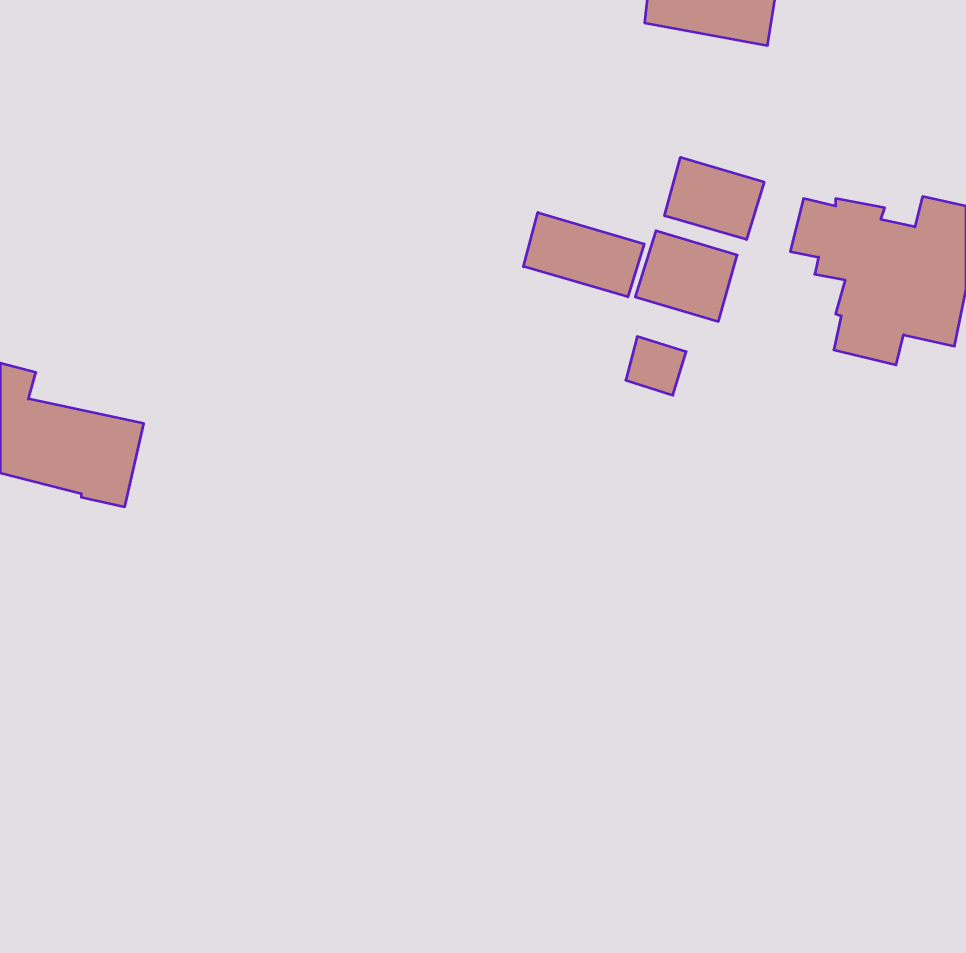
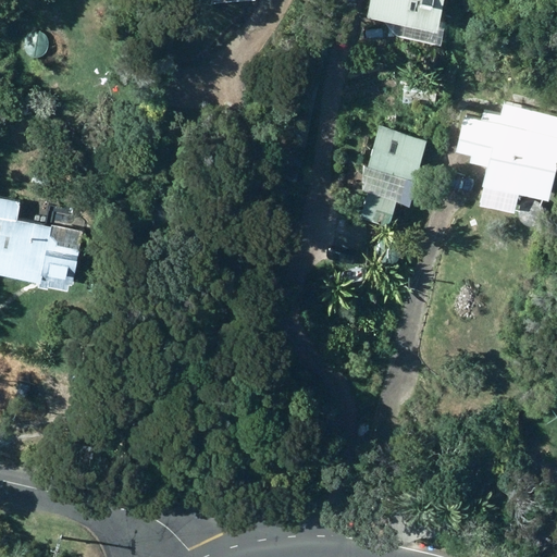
building: [665,157,764,240] -> none
building: [523,212,644,297] -> none

